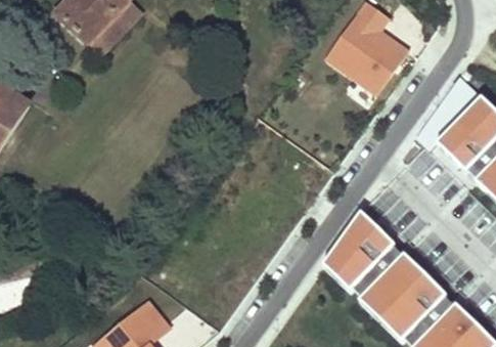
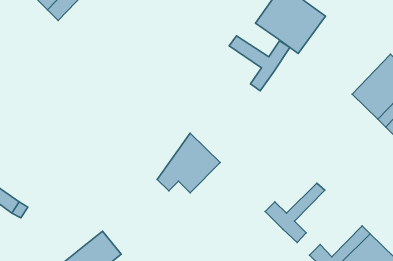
building: none -> [229,36,290,91]
building: [324,210,397,278] -> [157,133,220,193]
building: [371,252,449,329] -> none

